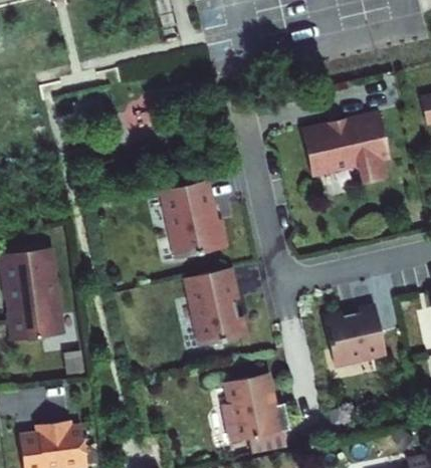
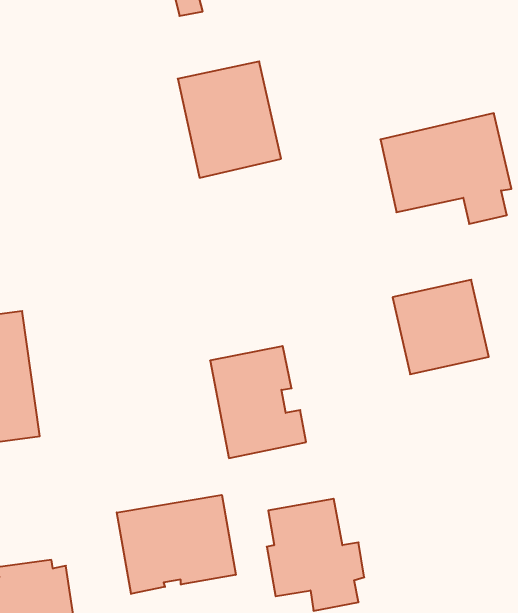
building: [157,179,228,259] -> [178,61,281,178]
building: [322,304,389,370] -> [393,280,489,374]
building: none -> [117,495,236,594]

